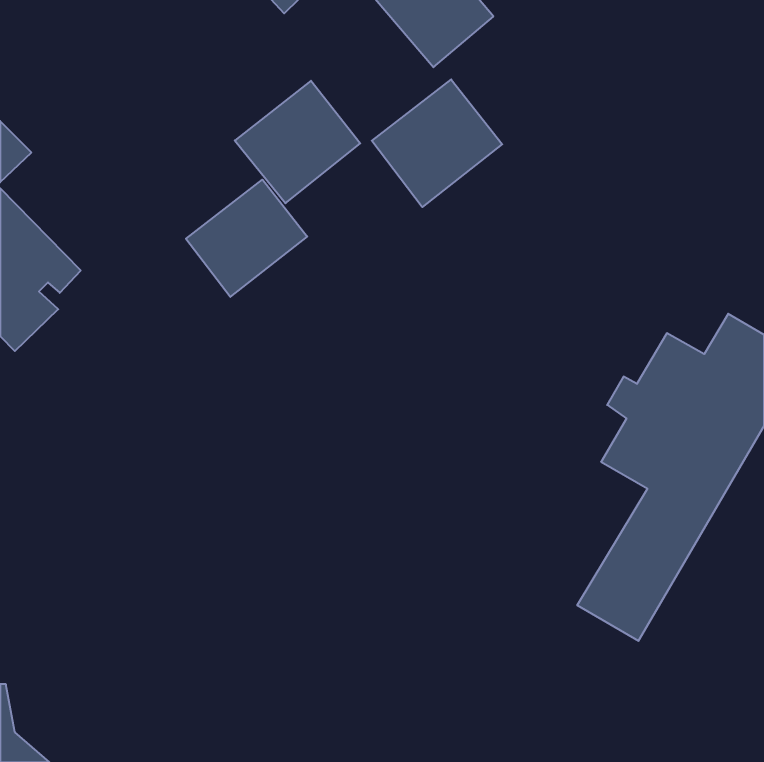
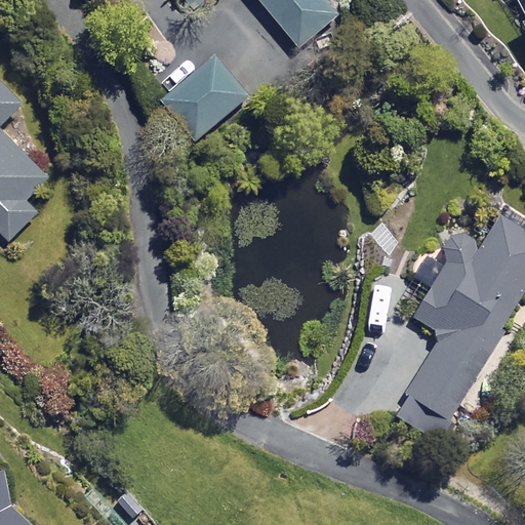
building: [372,79,502,207] -> none
building: [186,180,307,297] -> none

